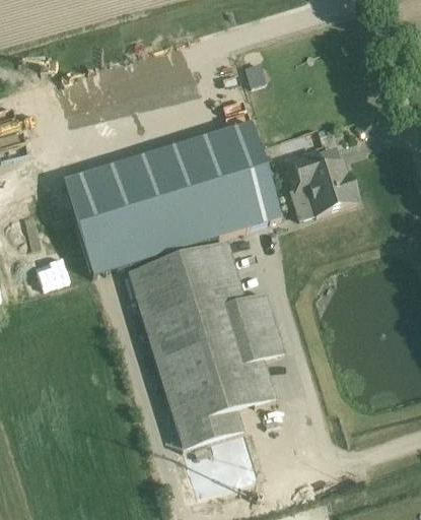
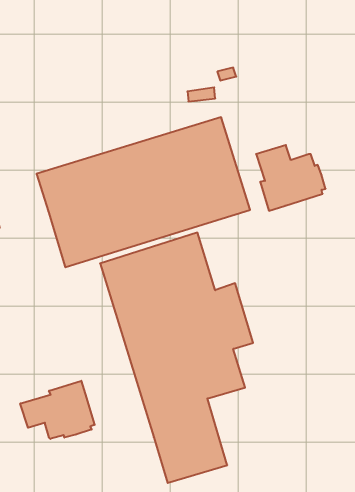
building: none -> [20,381,95,439]

